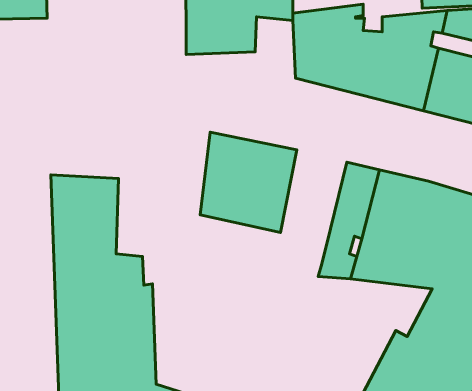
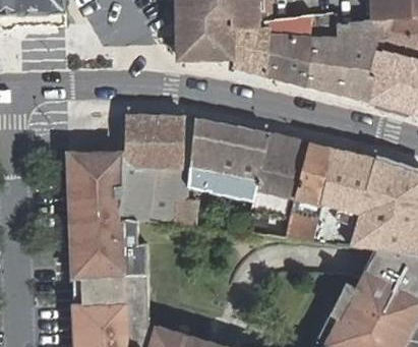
building: none -> [234,24,267,74]
building: none -> [122,114,198,222]
building: none -> [249,132,309,235]

